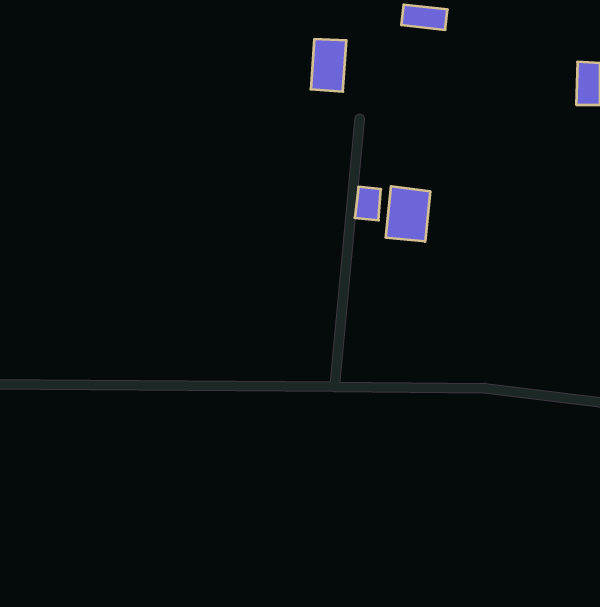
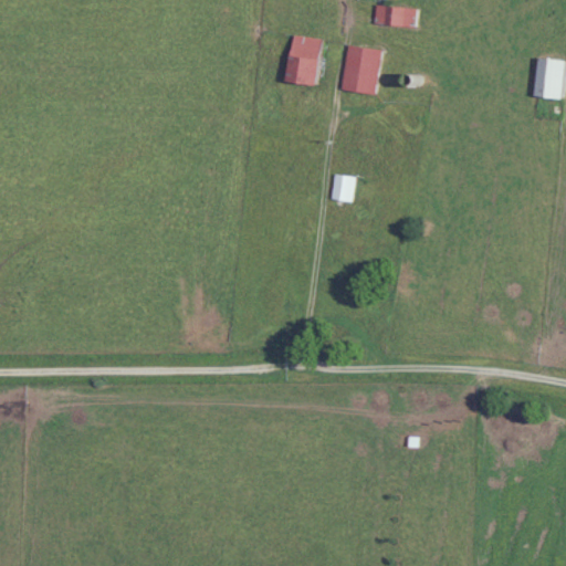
building: none -> [340,45,381,95]
building: [386,186,430,242] -> none

